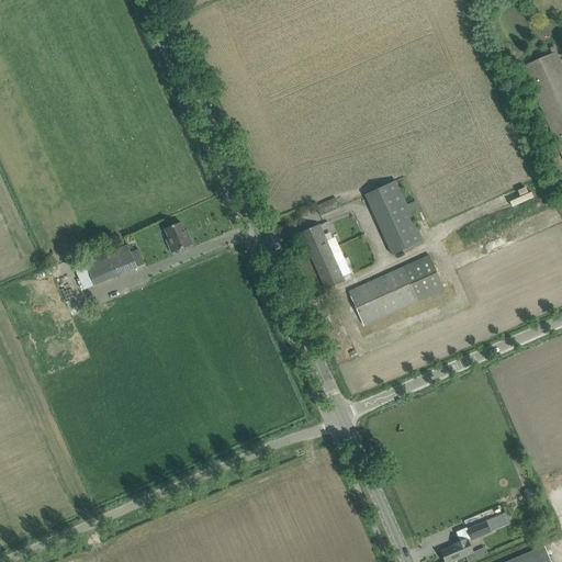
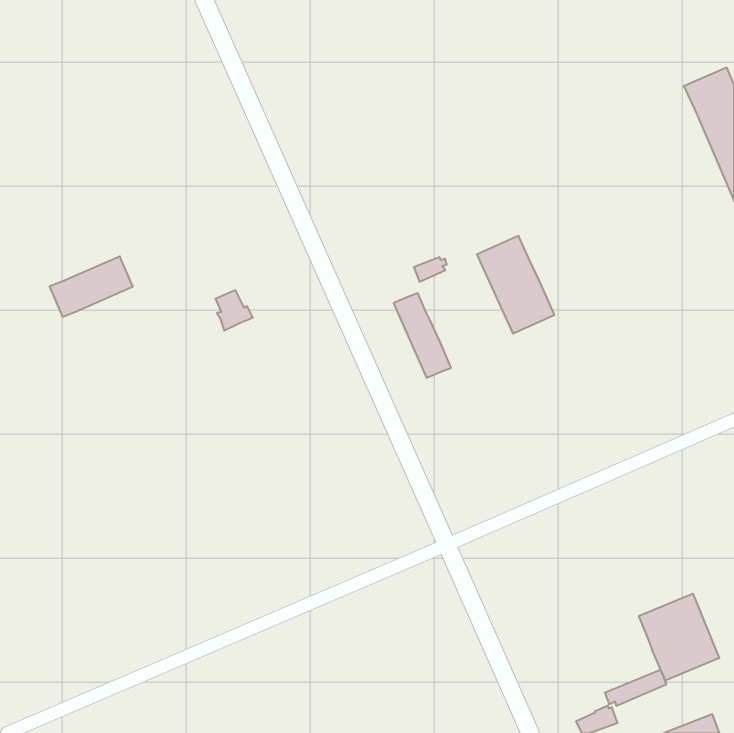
building: [74,244,137,290] -> [50,256,133,317]
building: [349,254,445,324] -> none
building: none -> [639,594,719,680]

